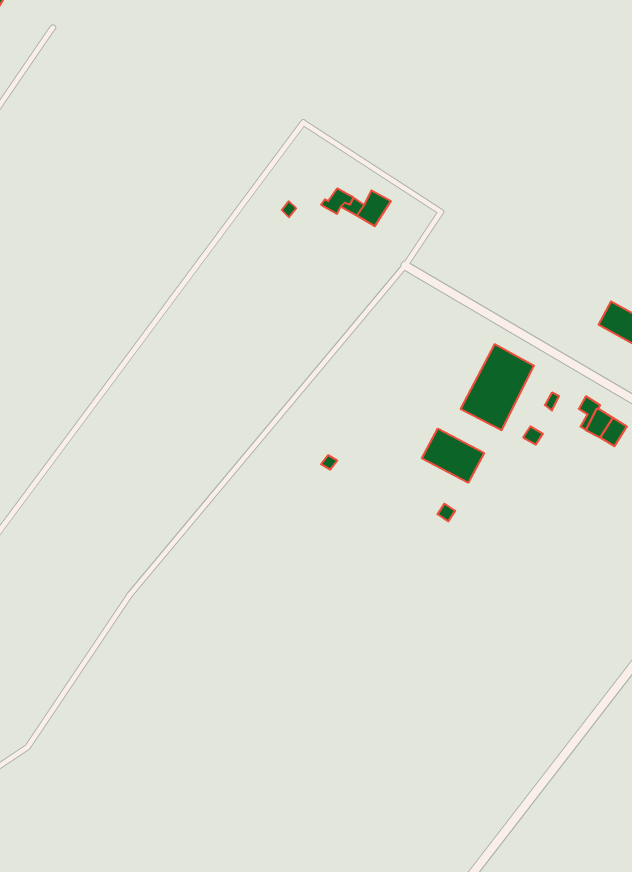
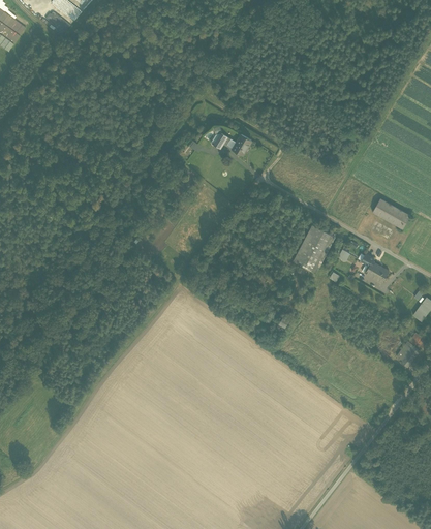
building: [422,429,484,483] -> none

